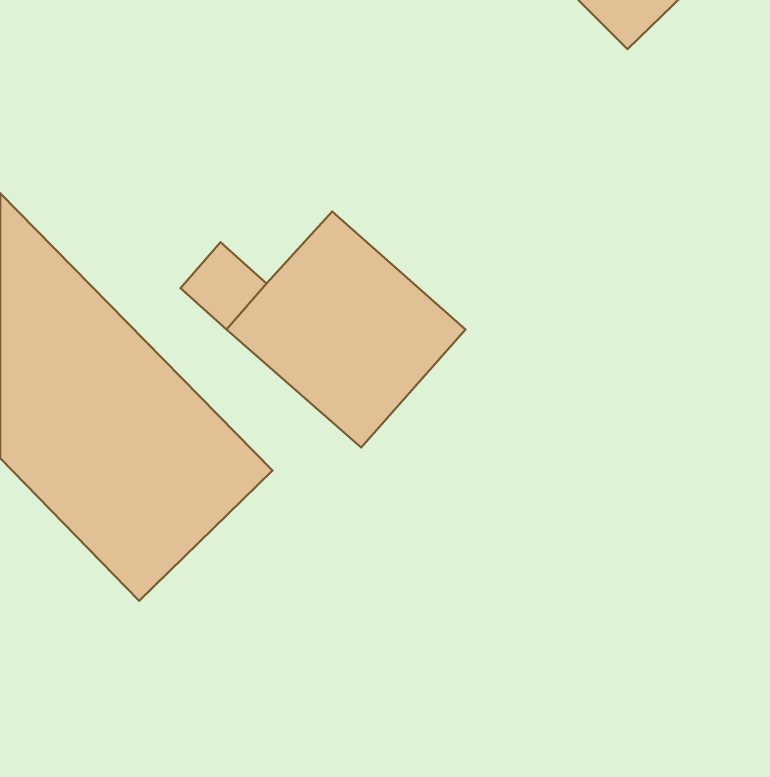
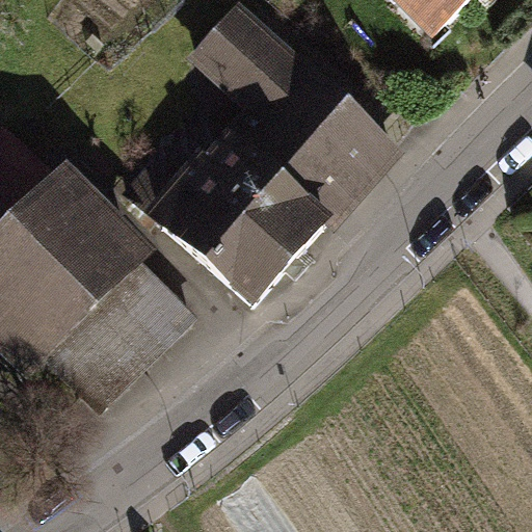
building: none -> [197,22,393,223]

